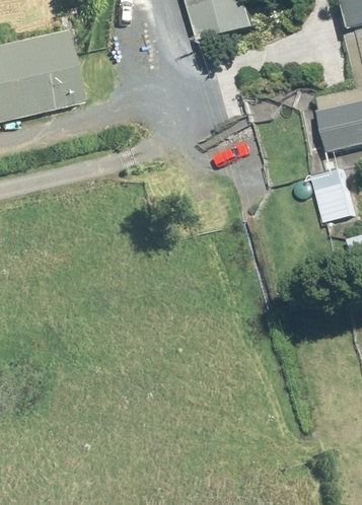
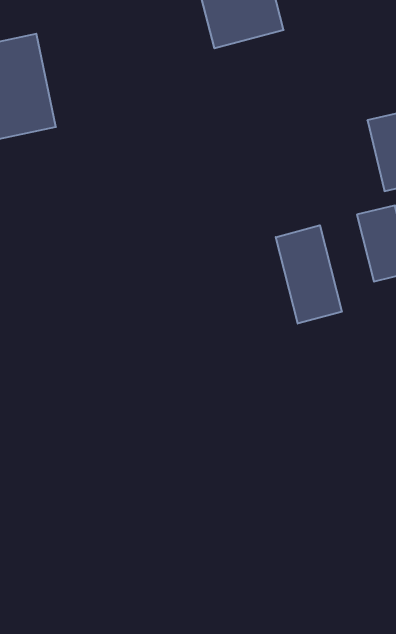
building: none -> [276,225,342,324]

